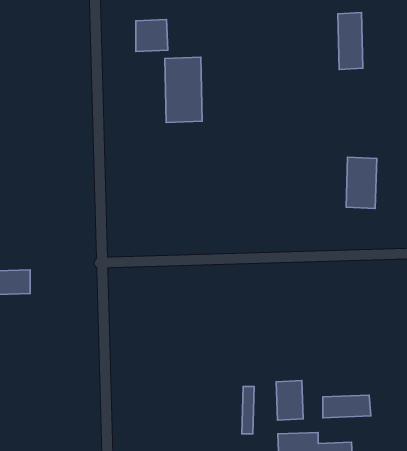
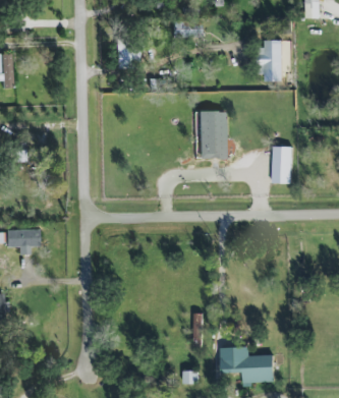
building: [165,57,202,122] -> [199,110,226,158]
building: [276,381,303,420] -> none
building: [323,395,371,418] -> none

